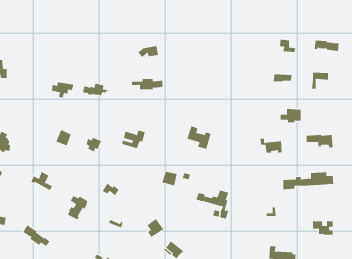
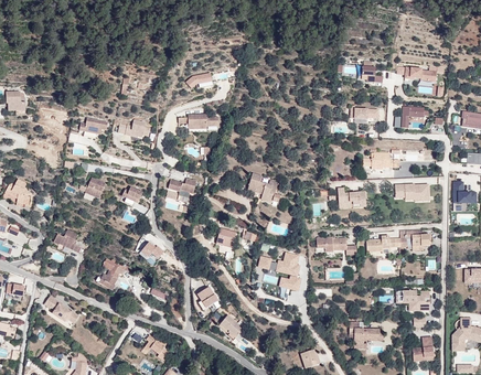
building: none -> [316,237,355,255]

